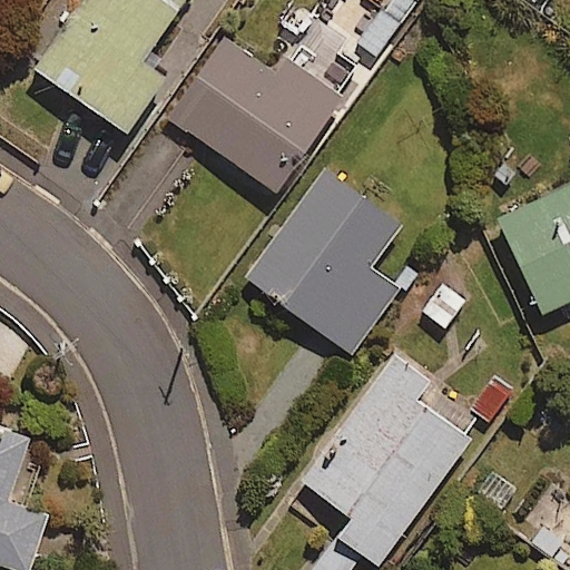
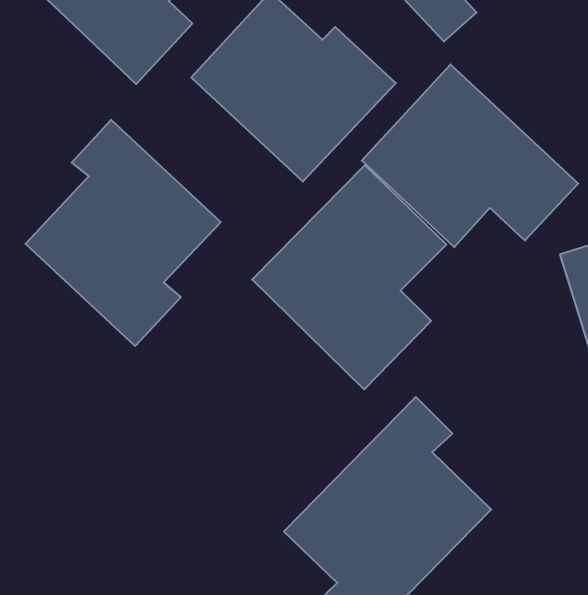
building: none -> [362,64,578,247]
building: none -> [25,120,221,346]

